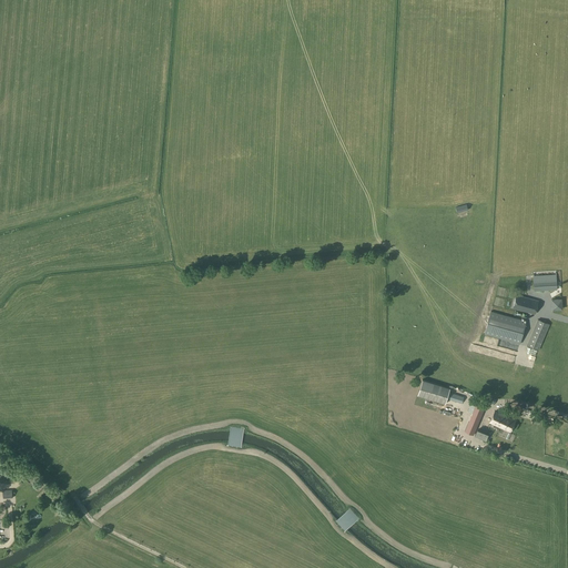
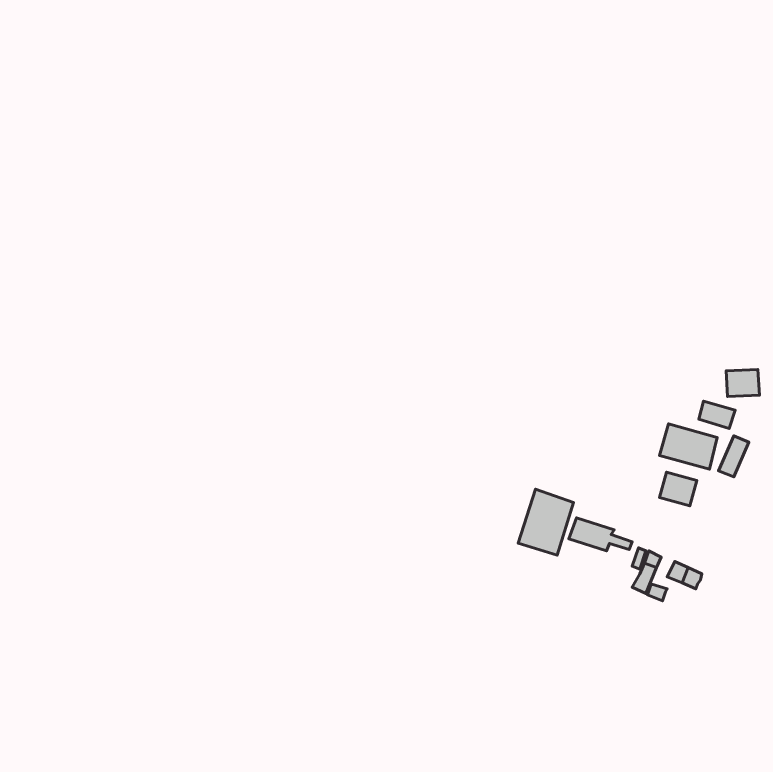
building: none -> [659,472,697,506]
building: none -> [518,489,573,555]

